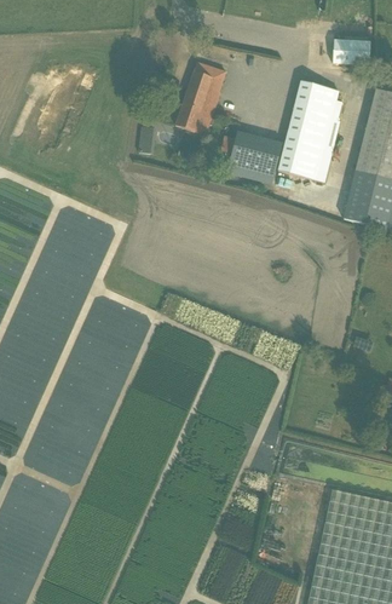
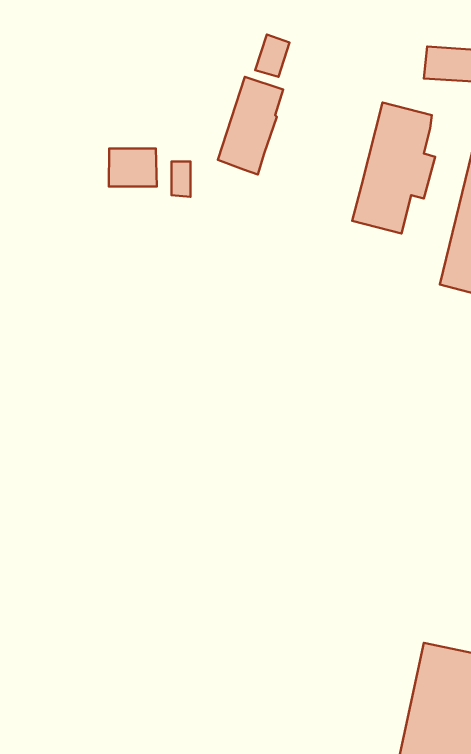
building: none -> [255,34,290,77]
building: none -> [109,148,157,186]
building: [226,132,284,188] -> none

